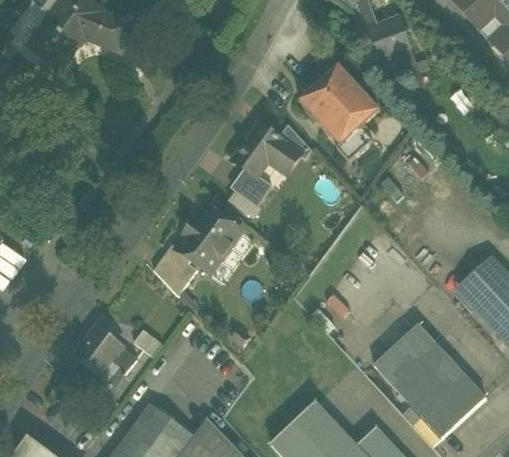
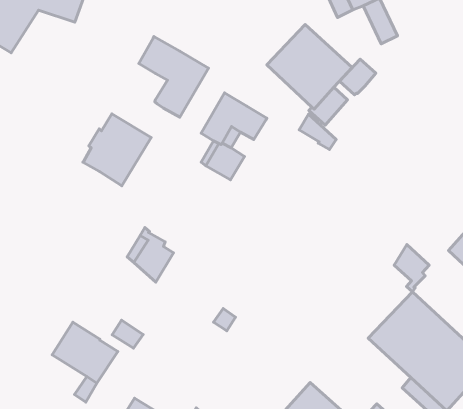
building: none -> [139,36,209,117]
building: none -> [340,59,376,95]
building: [278,123,312,158] -> [299,114,336,150]
building: [176,205,242,273] -> [83,114,151,186]
building: none -> [394,245,429,292]

